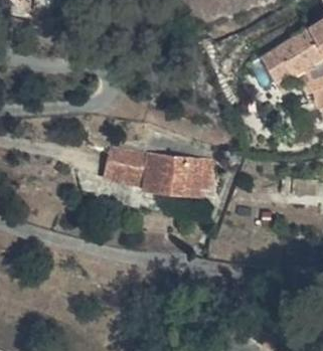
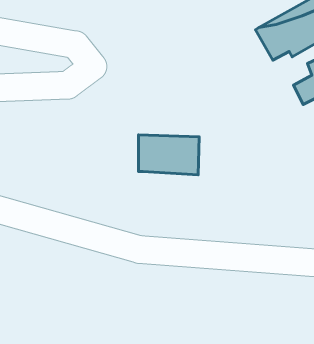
building: [106,149,148,188] -> none

